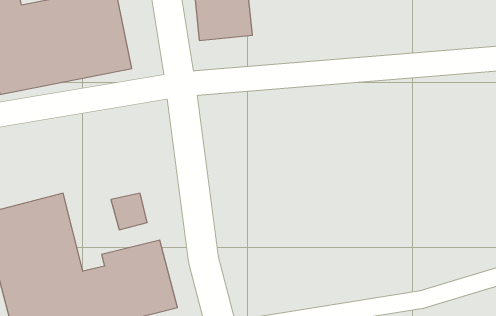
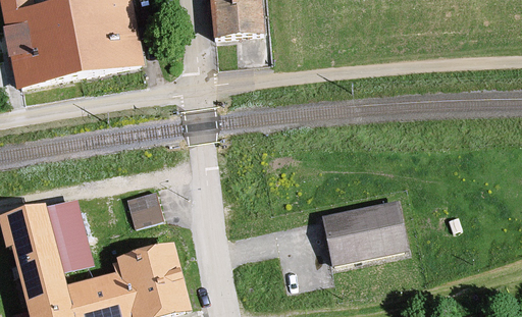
building: none -> [320,198,408,267]

